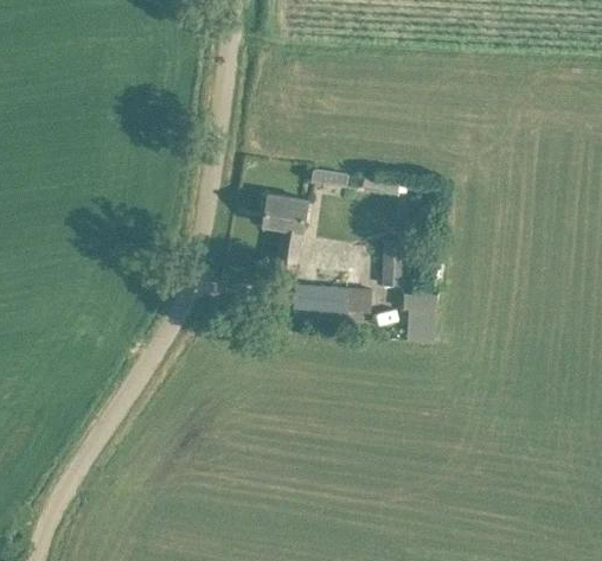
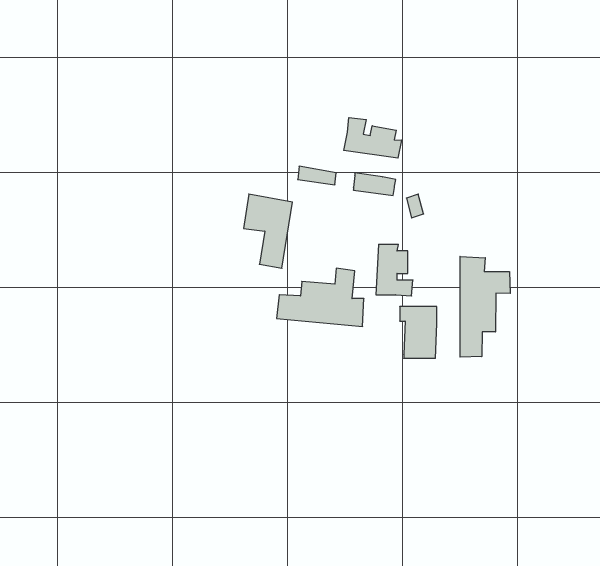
building: none -> [344,118,402,158]
building: none -> [460,256,510,357]

